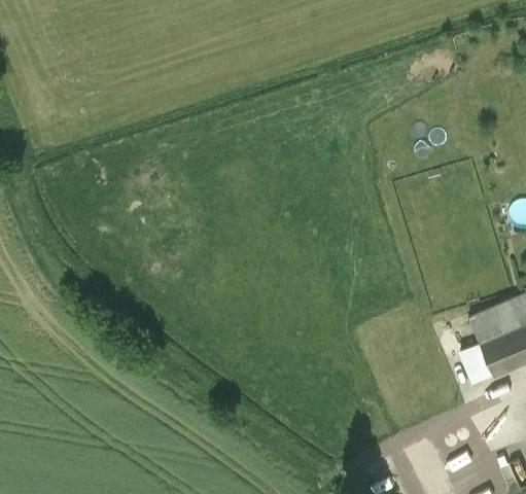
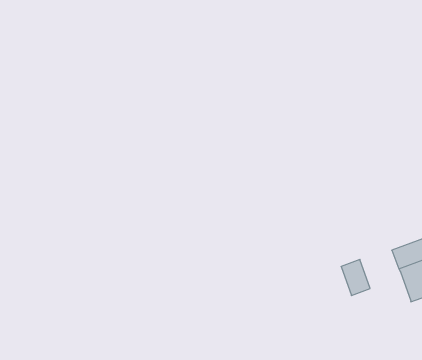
building: [466,341,500,382] -> [341,259,370,296]

